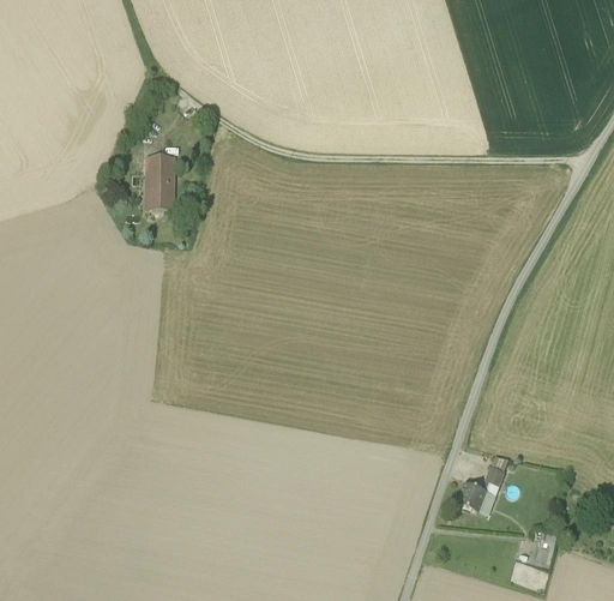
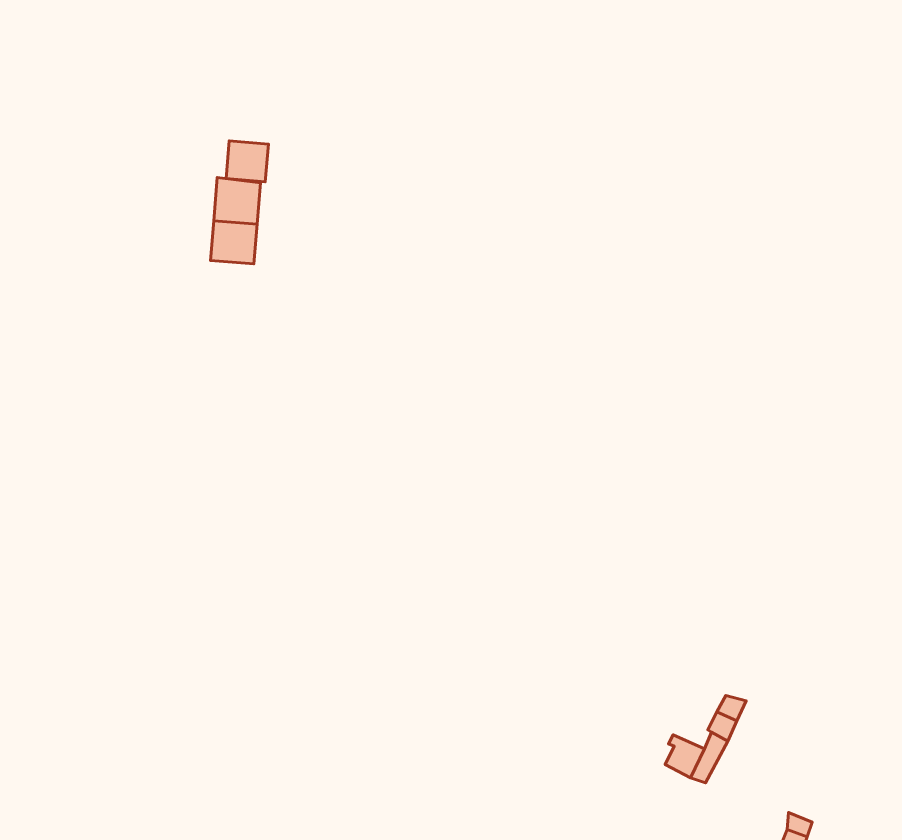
building: none -> [226,141,268,182]

